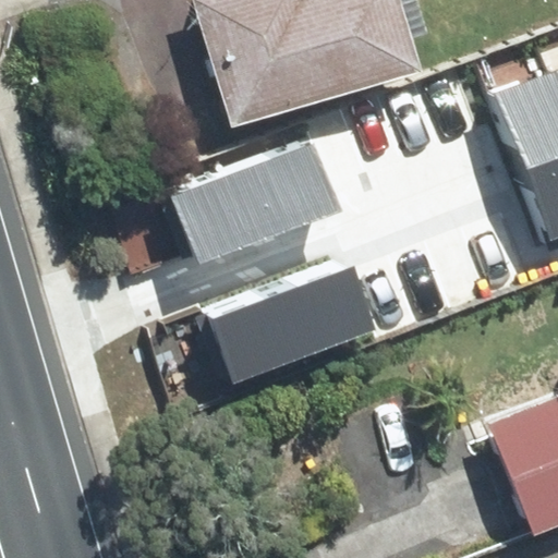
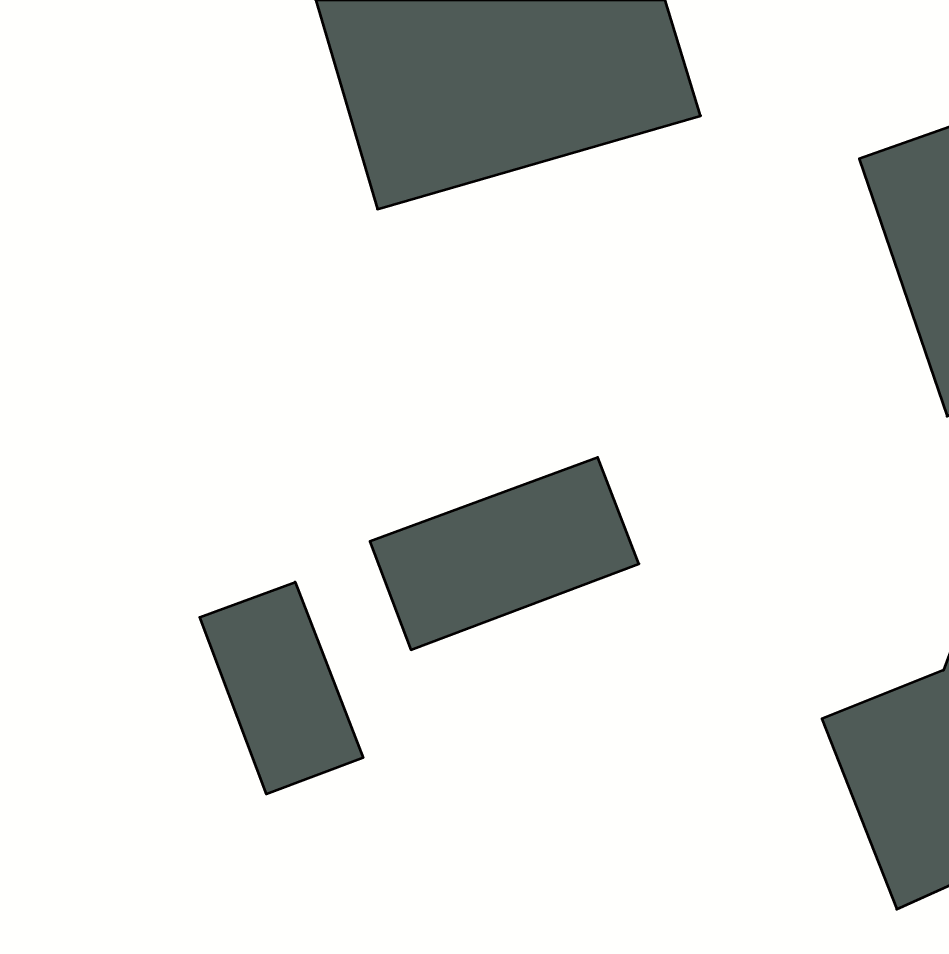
building: [184,147,342,264] -> none
building: none -> [200,582,363,794]

